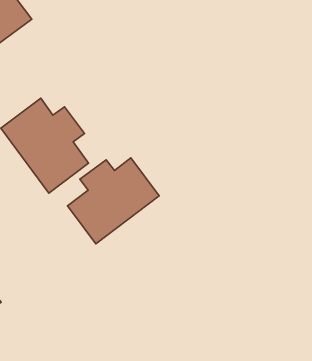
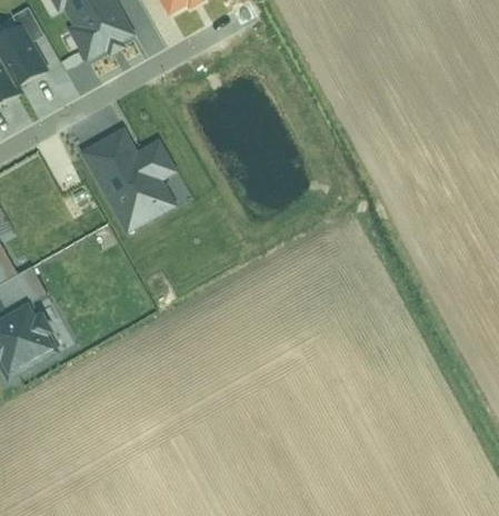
building: [67,158,159,244] -> none

